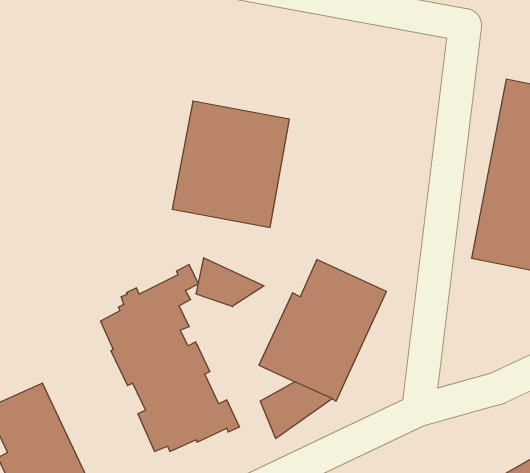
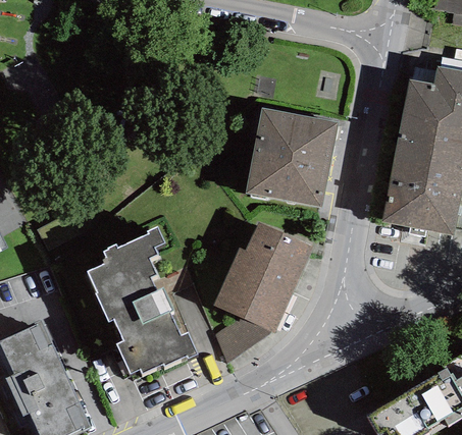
building: [172,101,289,227] -> [245,107,338,207]
building: [196,258,264,307] -> none

